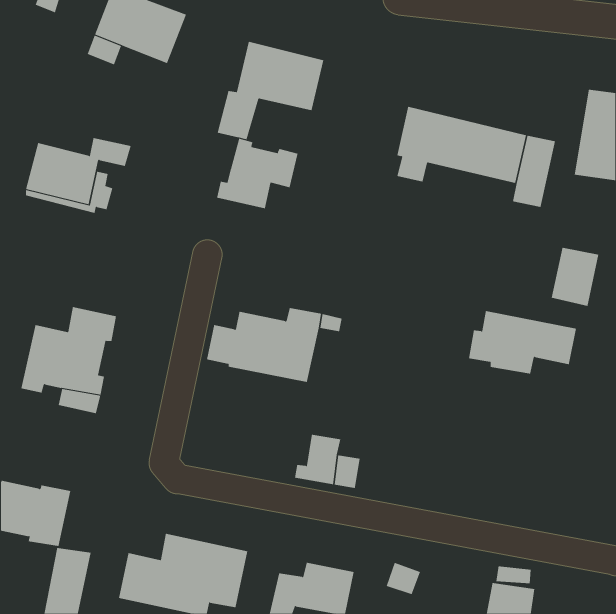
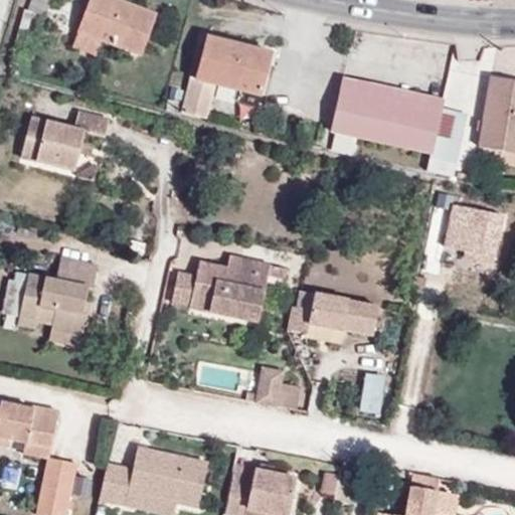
building: [217,138,298,209] -> none
building: [468,310,577,374] -> [288,290,378,343]
building: none -> [363,371,386,412]

